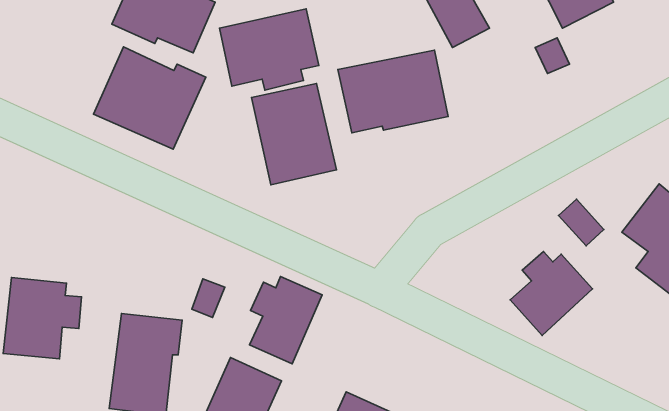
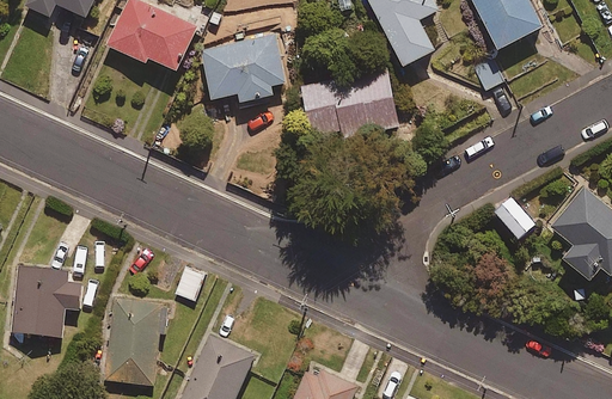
building: [93,47,206,149] -> none
building: [252,83,336,185] -> none
building: [510,251,593,335] -> none
building: [250,276,322,364] -> none

